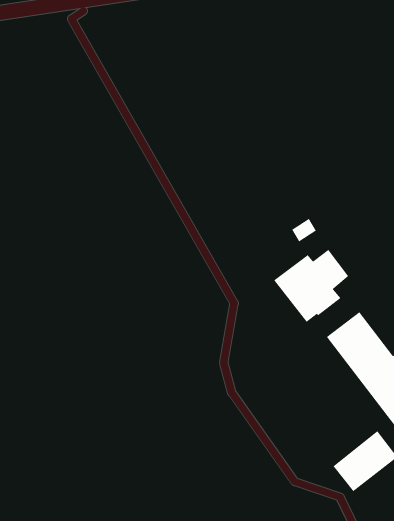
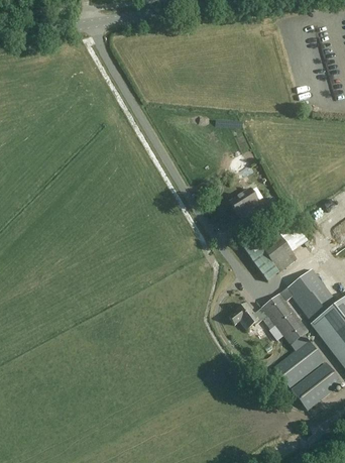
building: none -> [229,188,259,213]
building: none -> [229,293,325,387]

